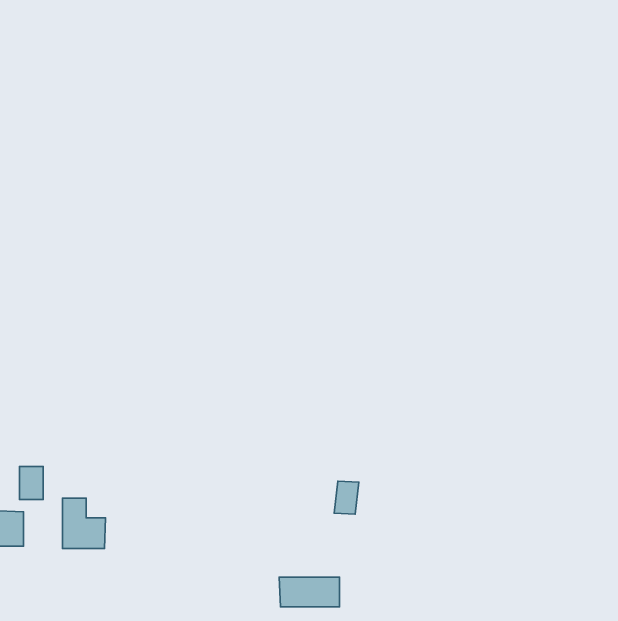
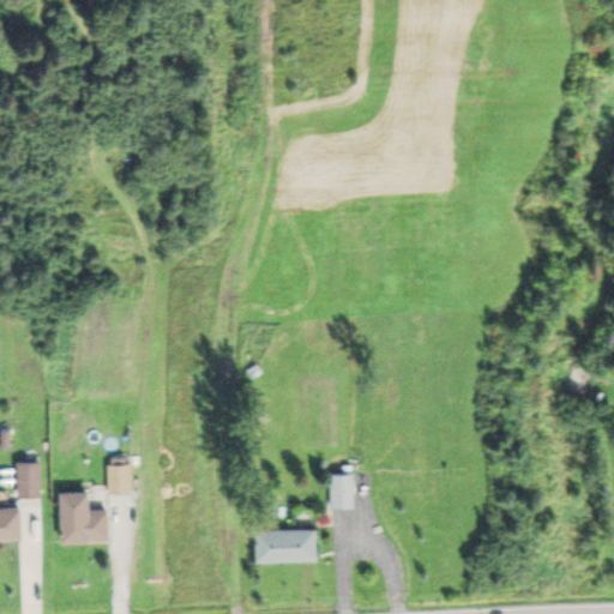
building: none -> [107,465,125,494]
building: [279,577,339,607] -> [252,532,311,561]

